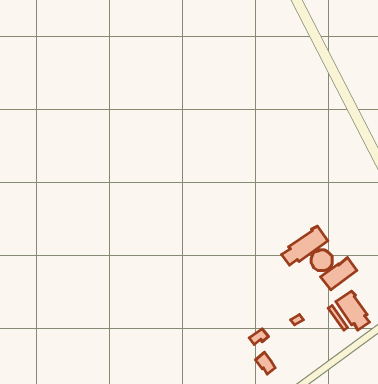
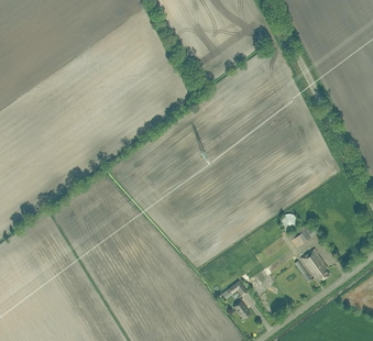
building: [282,226,328,265] -> none

